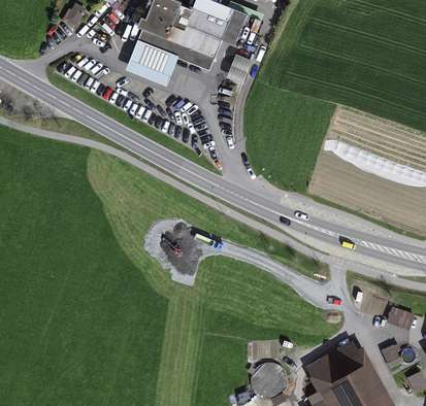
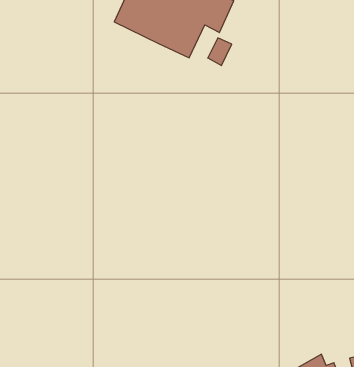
building: [124,42,178,89] -> none

